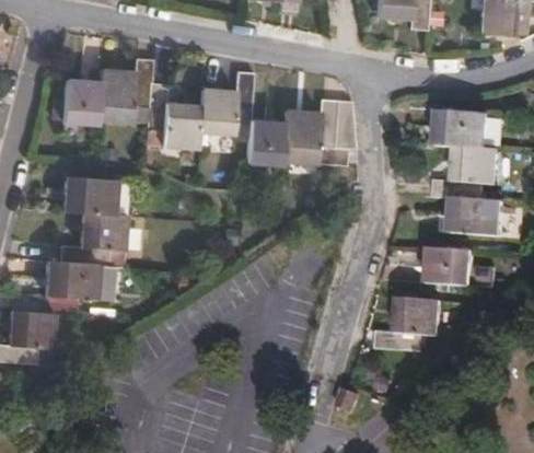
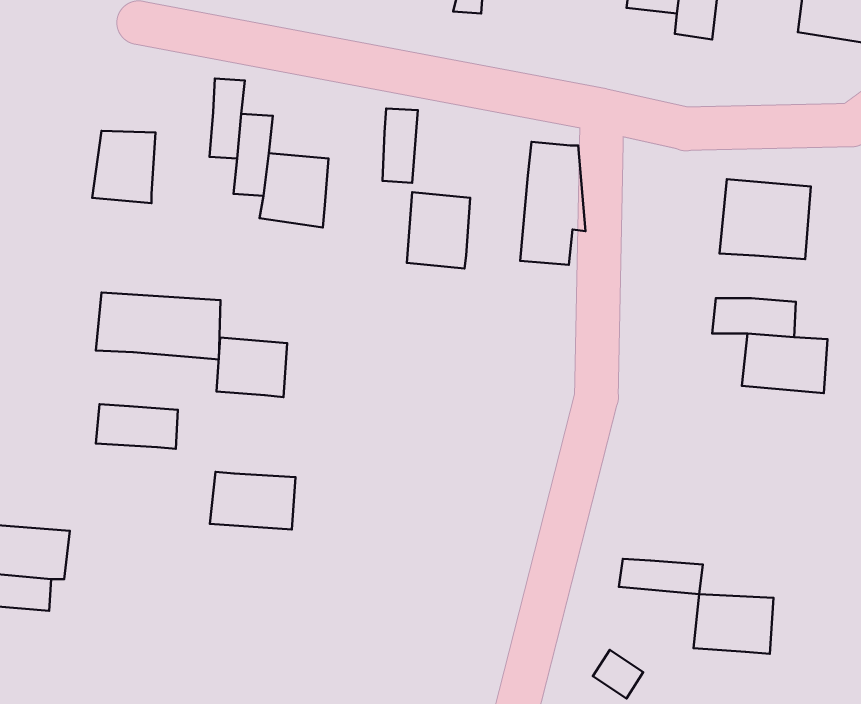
building: [100,67,136,120] -> none
building: [201,79,236,129] -> none
building: [285,104,321,158] -> none
building: [452,154,498,183] -> none
building: [86,211,128,246] -> [216,337,287,397]
building: [429,252,472,287] -> none
building: [53,264,103,298] -> [210,472,296,529]
building: [393,302,440,337] -> [693,594,774,654]

